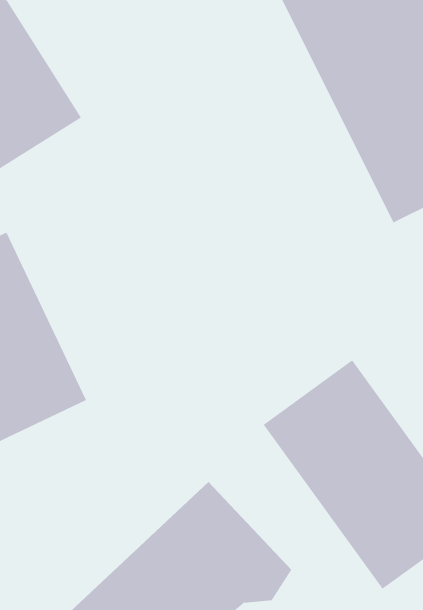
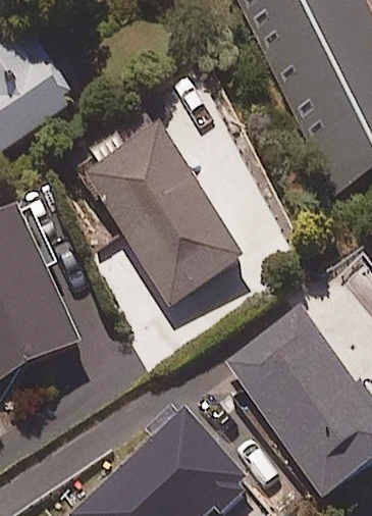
building: none -> [82,122,242,302]

